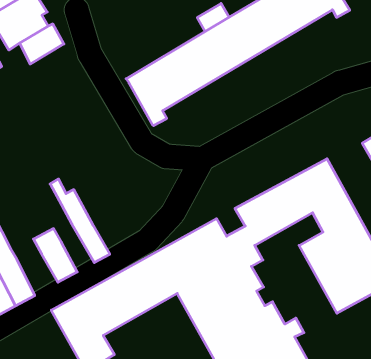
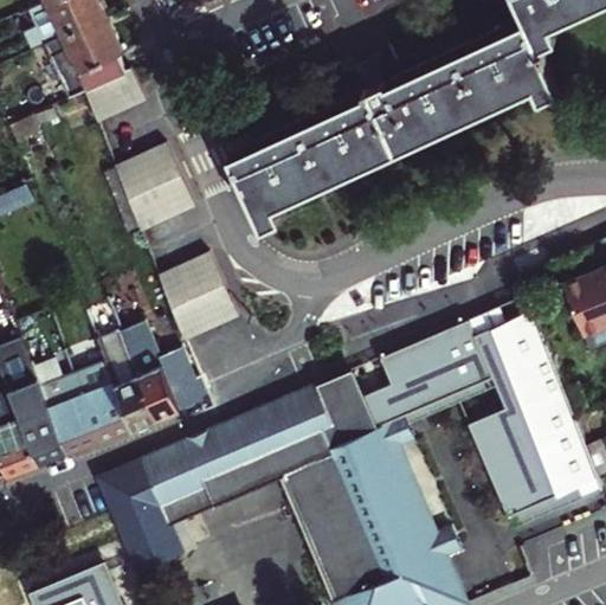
building: none -> [120,137,201,229]
building: none -> [163,247,243,335]
building: none -> [99,327,162,426]
building: none -> [167,355,209,406]
building: none -> [38,358,107,453]

